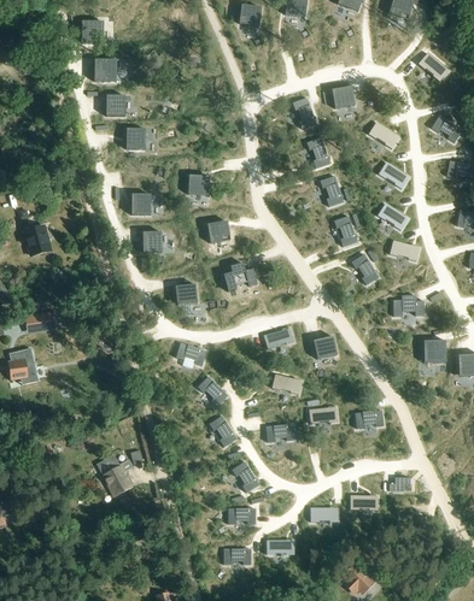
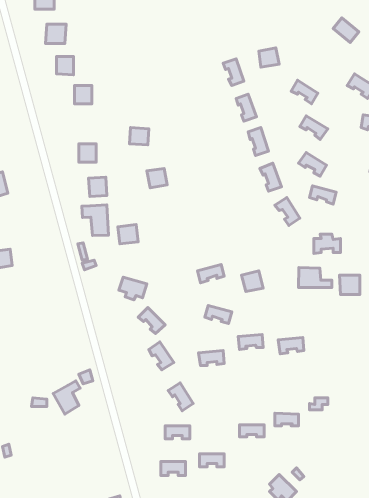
building: none -> [82,205,108,236]
building: [224,263,257,291] -> none
building: none -> [299,268,332,287]

